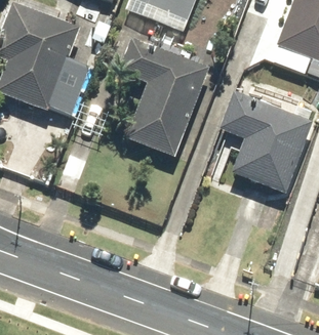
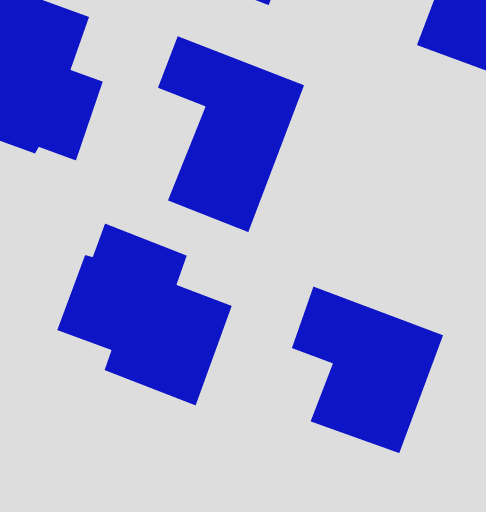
building: [221,91,313,193] -> [291,285,444,454]
building: none -> [56,223,233,406]

